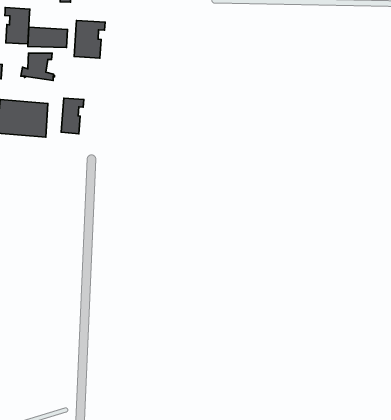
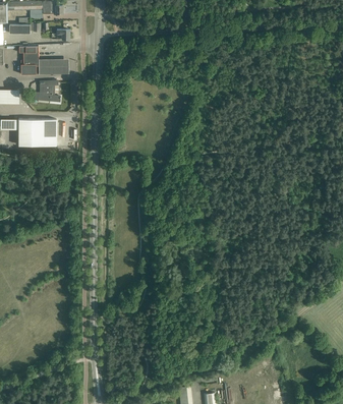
building: [74,21,105,58] -> none
building: [61,98,84,134] -> none

